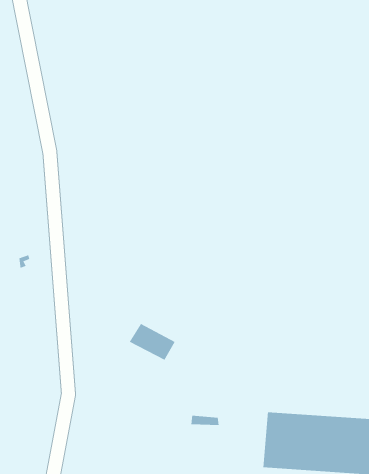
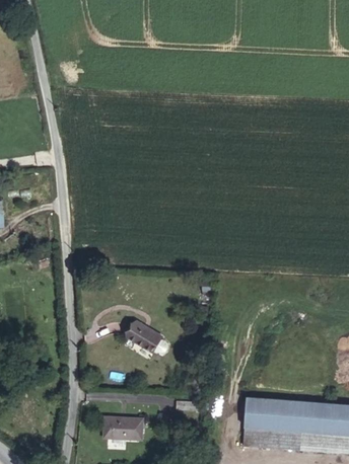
building: none -> [102,416,140,438]

